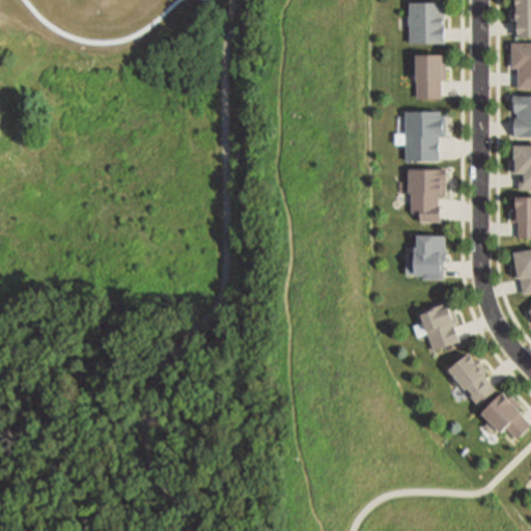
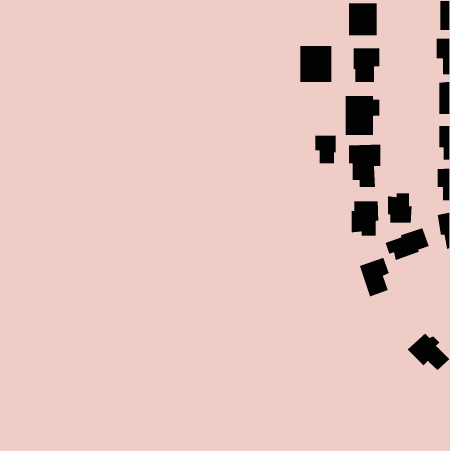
building: none -> [299,45,332,83]
building: none -> [315,135,336,164]
building: none -> [387,193,412,223]
building: none -> [384,227,430,261]
building: [445,352,491,400] -> none

